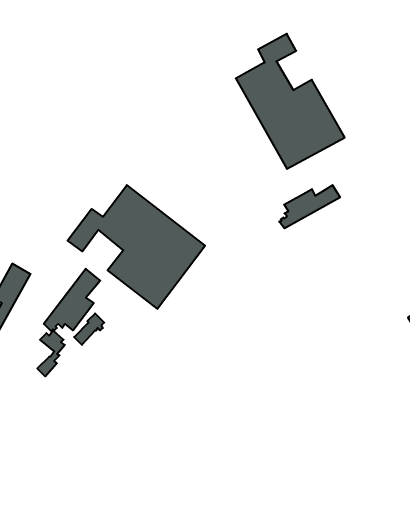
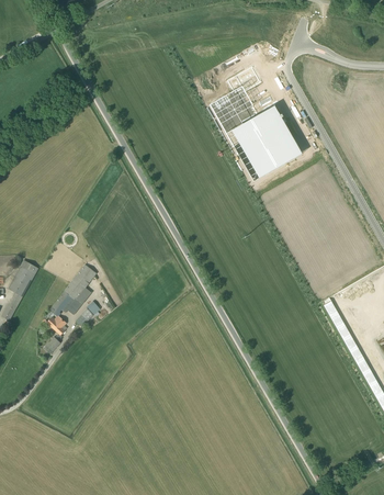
building: [279,185,340,228] -> none
building: [68,185,205,309] -> none

